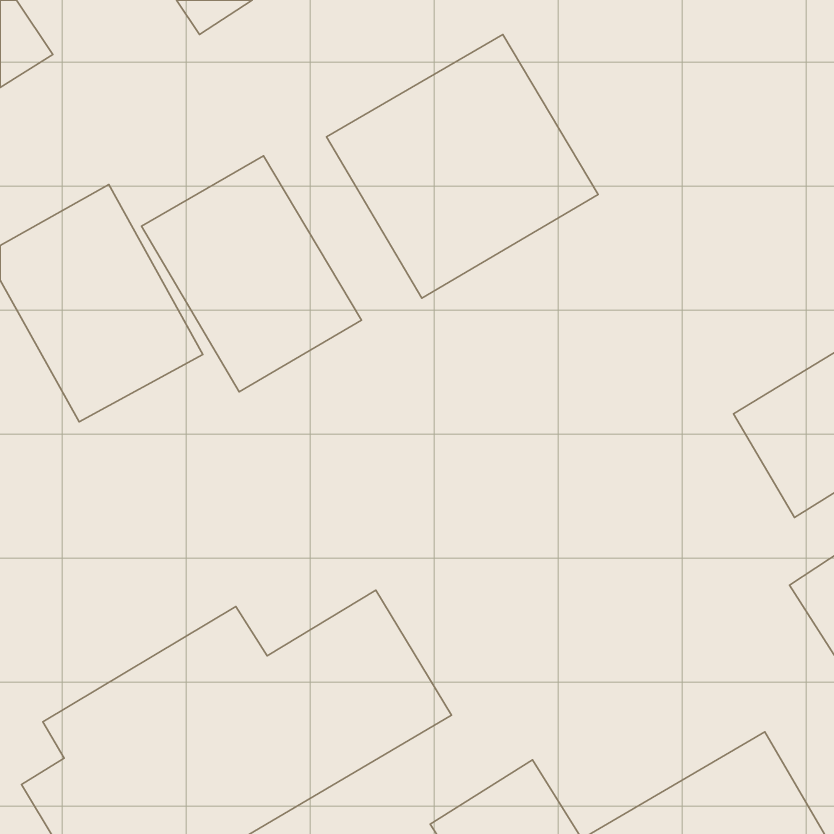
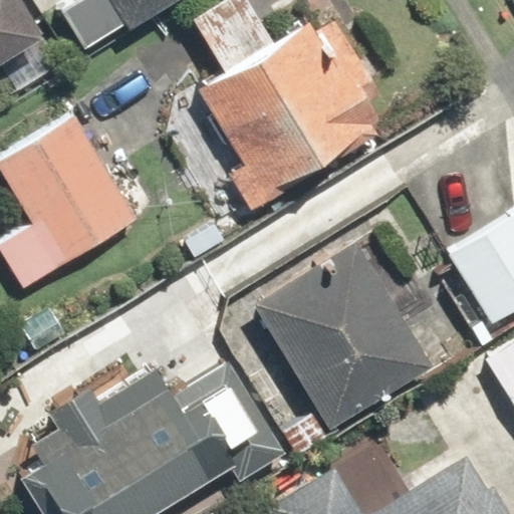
building: [142,156,362,392] -> none
building: none -> [253,240,434,432]

